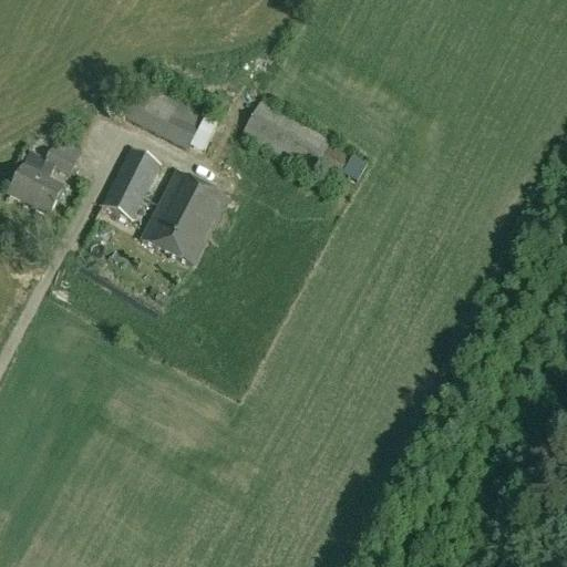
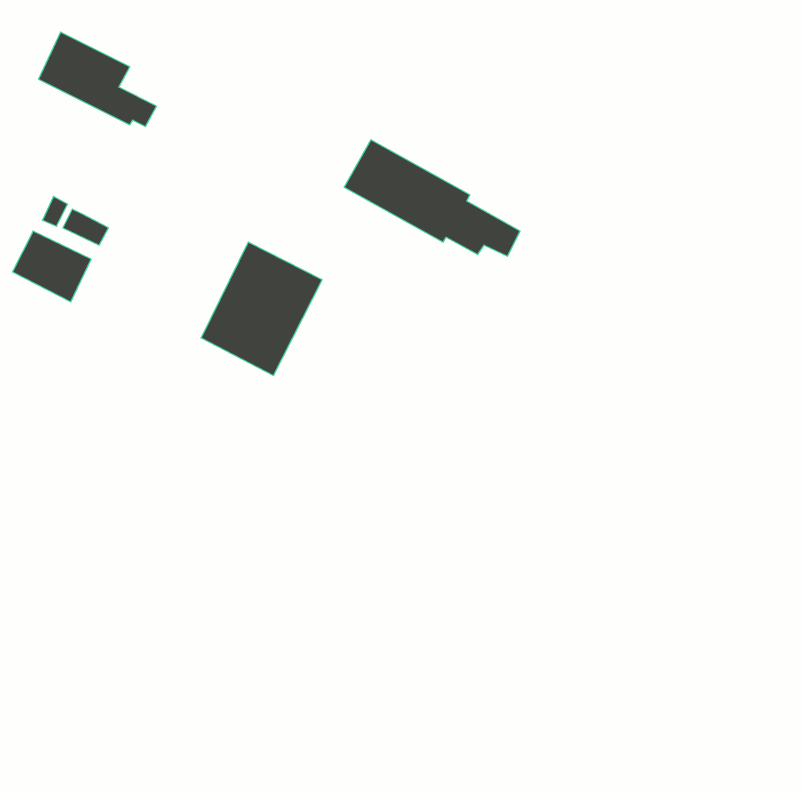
building: [124,80,207,146] -> [39,32,156,126]
building: [103,147,161,218] -> none

